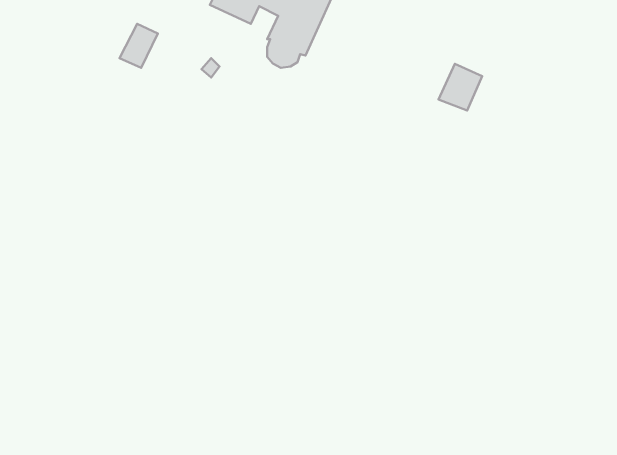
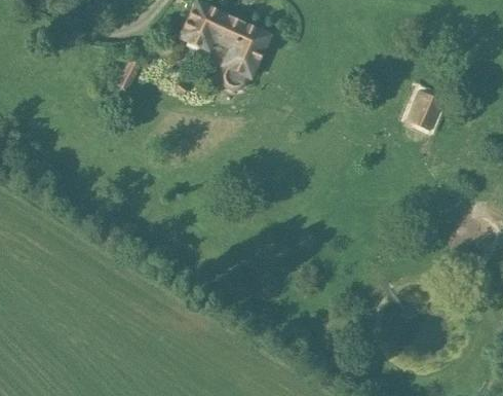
building: [438,64,482,110] -> [409,92,441,127]

